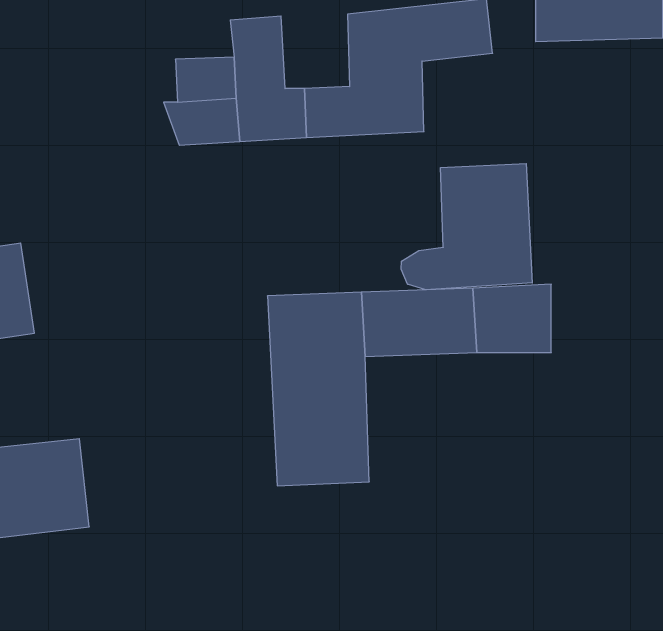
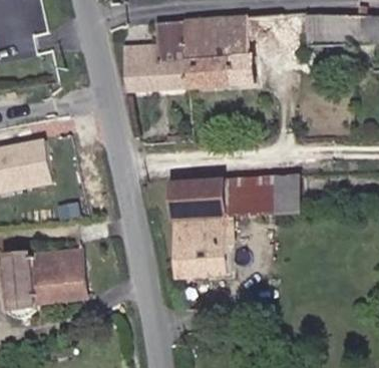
building: none -> [177,26,213,64]
building: [401,164,532,290] -> none

